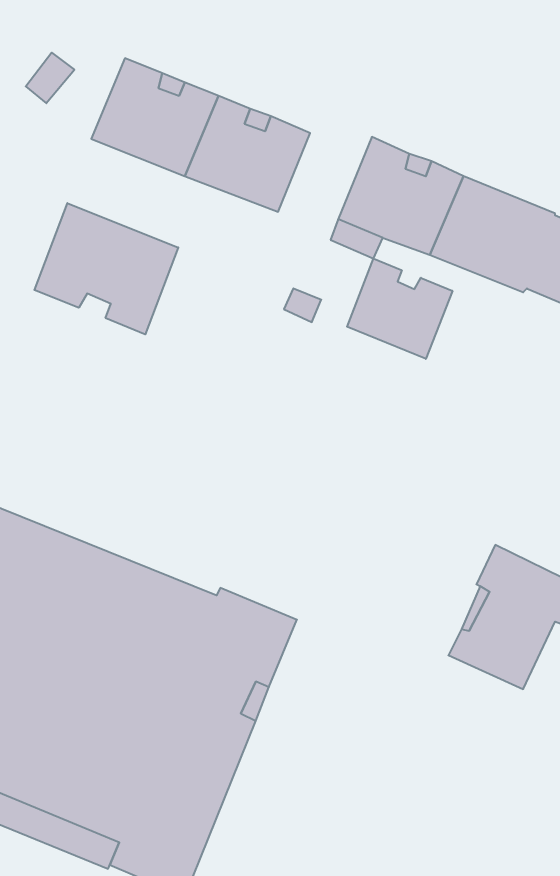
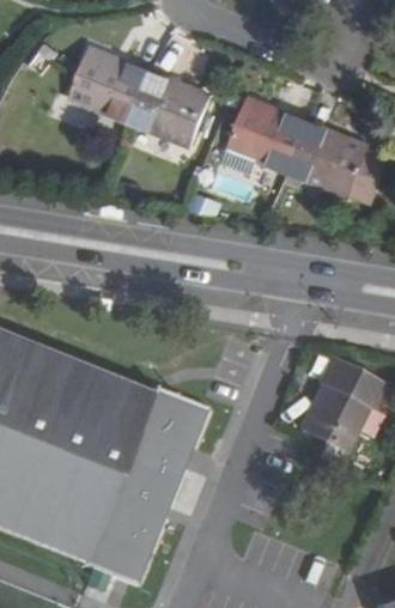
building: [34,203,178,334] -> none
building: [347,259,452,359] -> none

